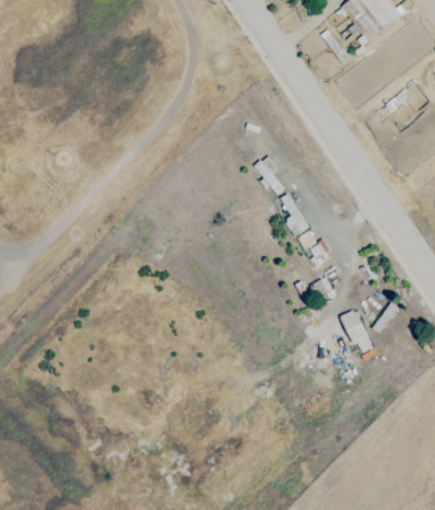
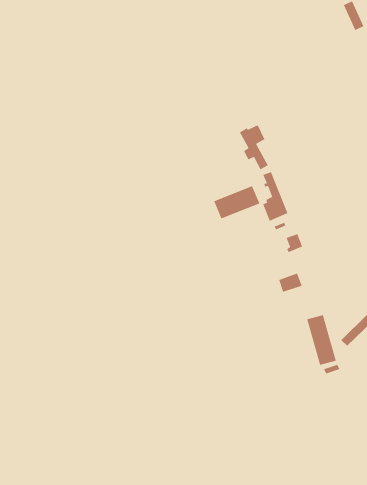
building: none -> [213,185,260,219]

